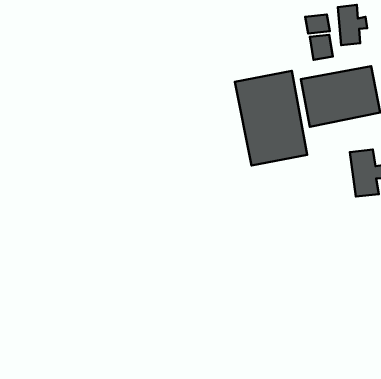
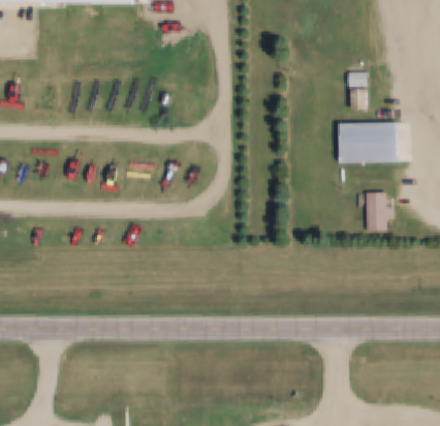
building: [338,5,367,45] -> none
building: [235,71,307,166] -> none

